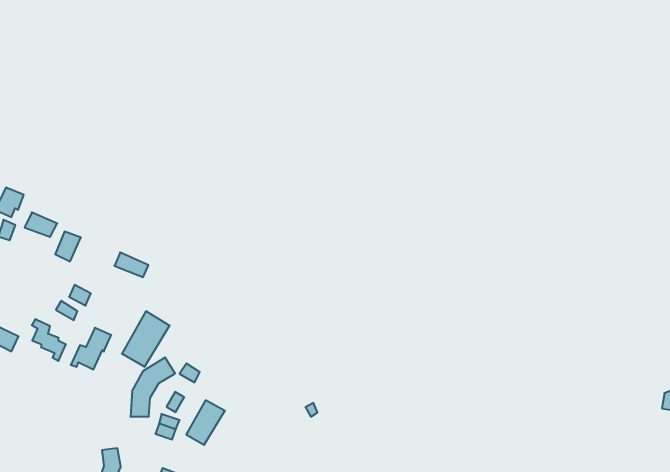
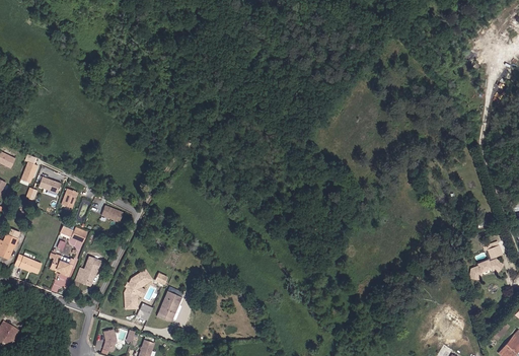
building: [122,311,170,367] -> none

